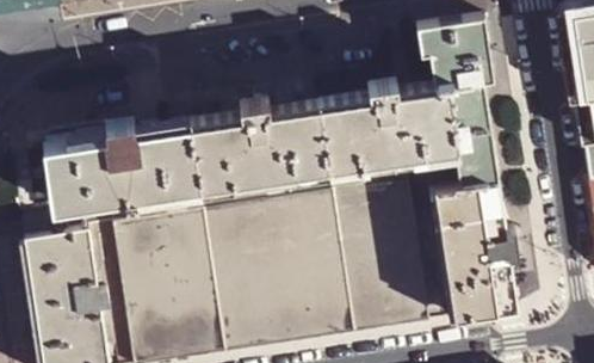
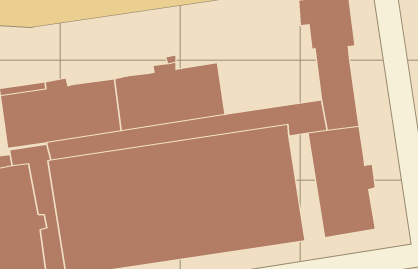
building: [320,80,448,164] -> none
building: [408,186,452,320] -> none

